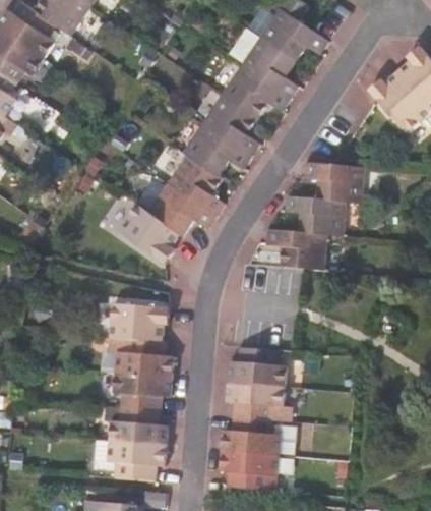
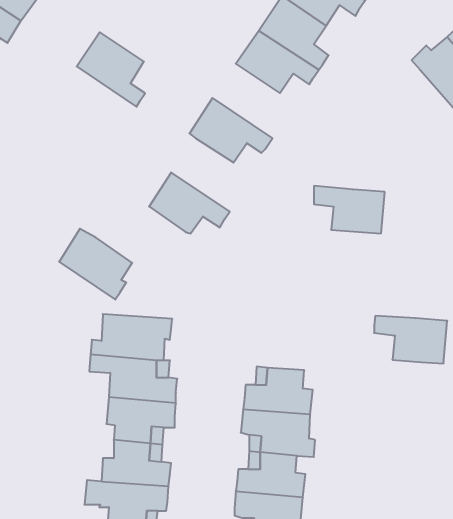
building: [201,93,258,155] -> [77,32,145,107]
building: [167,155,224,216] -> none
building: [303,161,364,202] -> none
building: [118,205,179,264] -> [59,229,132,300]
building: [265,229,326,269] -> [374,316,447,363]

